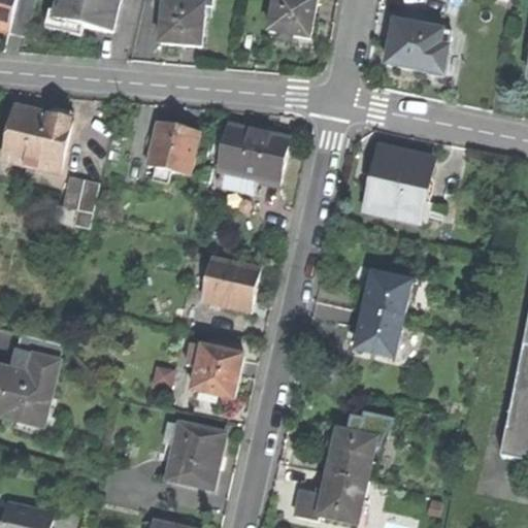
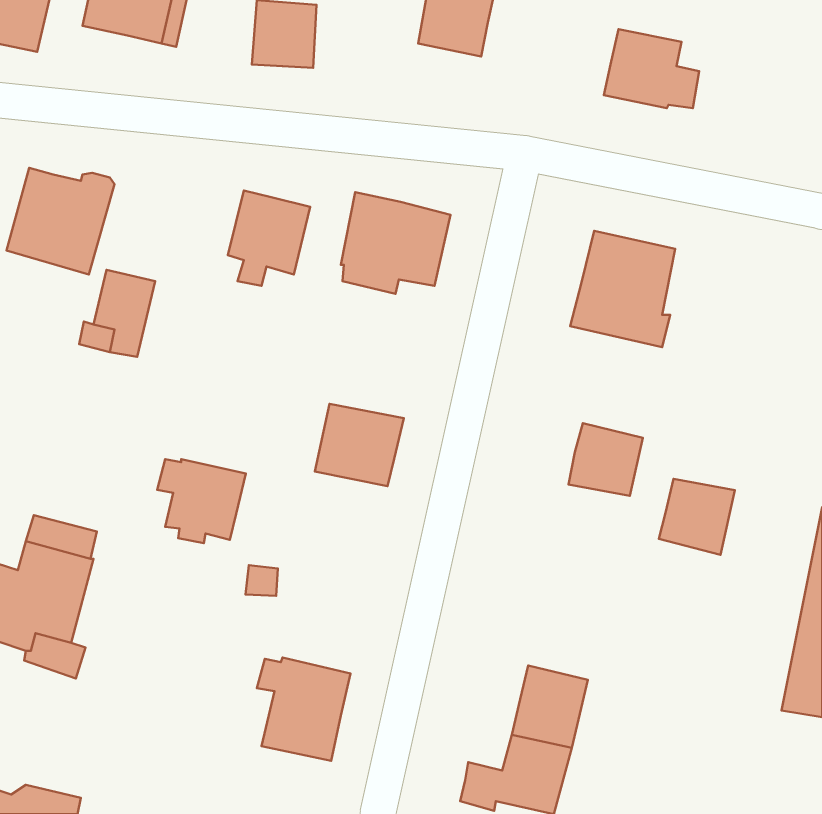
building: [354,309,402,358] -> [659,479,735,555]
building: [186,342,242,396] -> [157,459,246,543]

